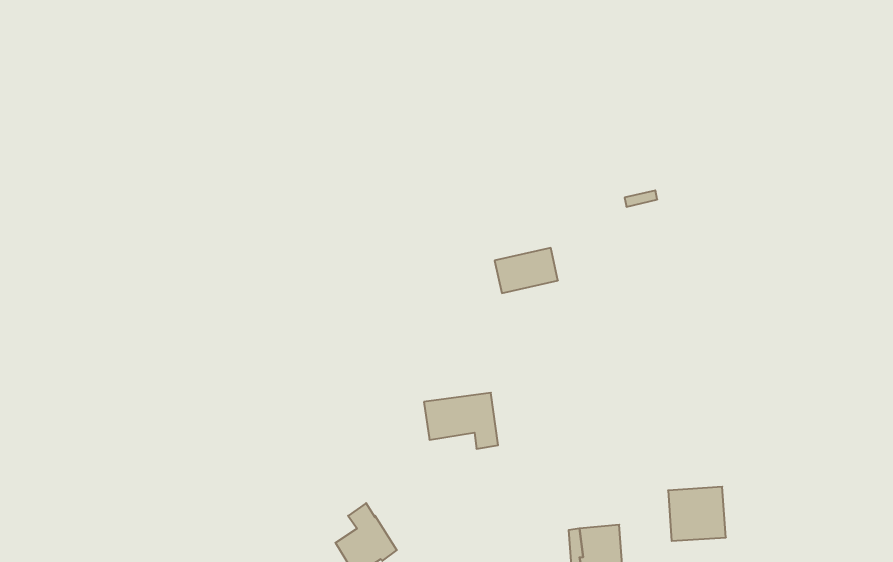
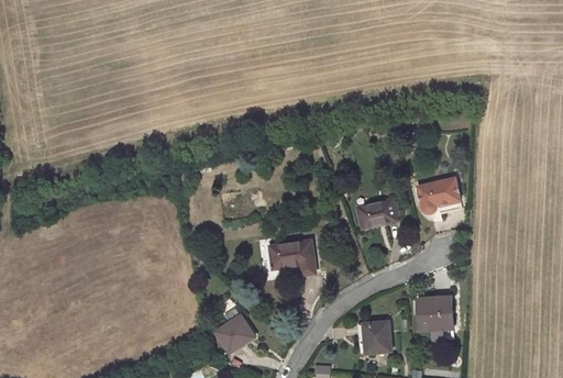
building: [495,248,558,293] -> [357,200,396,227]
building: none -> [418,178,461,213]

